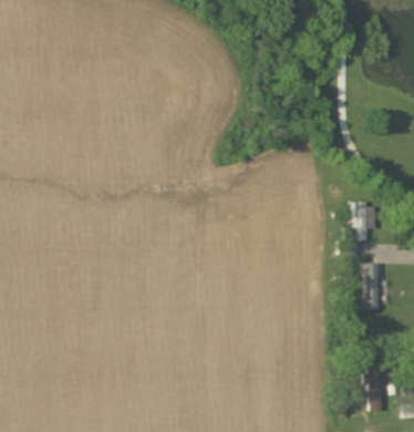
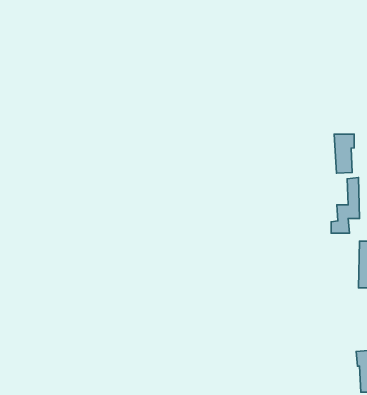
building: none -> [334,134,354,173]

